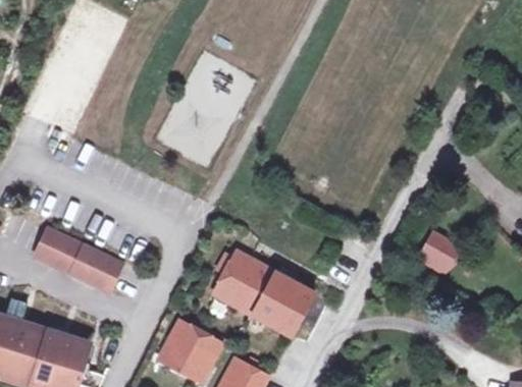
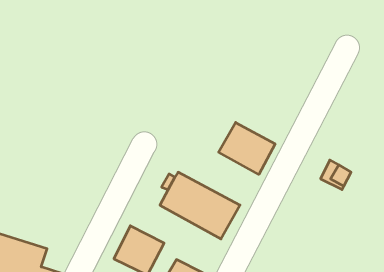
building: none -> [219,122,275,174]
building: [31,226,118,290] -> none

